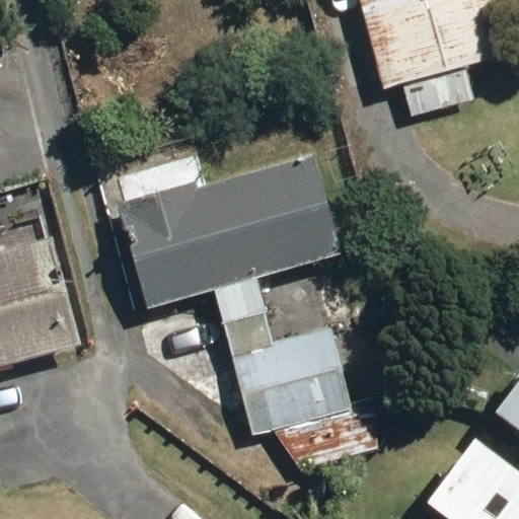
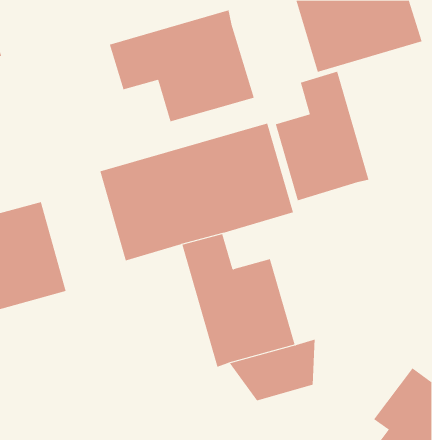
building: none -> [109,10,254,122]
building: none -> [275,71,369,201]

